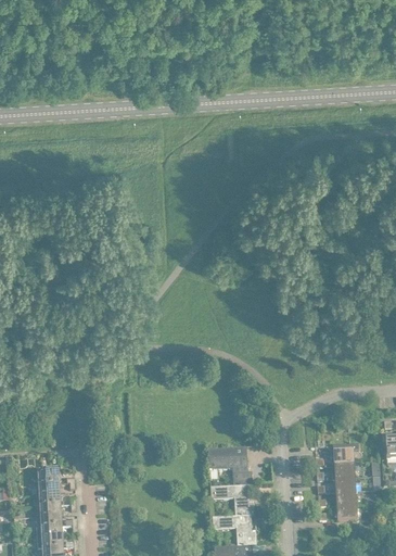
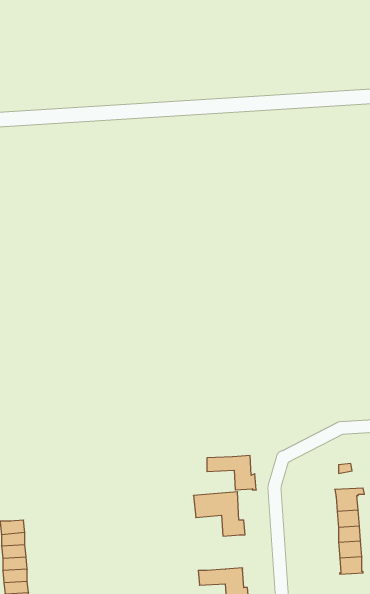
building: [212,483,255,514] -> [207,456,256,490]

